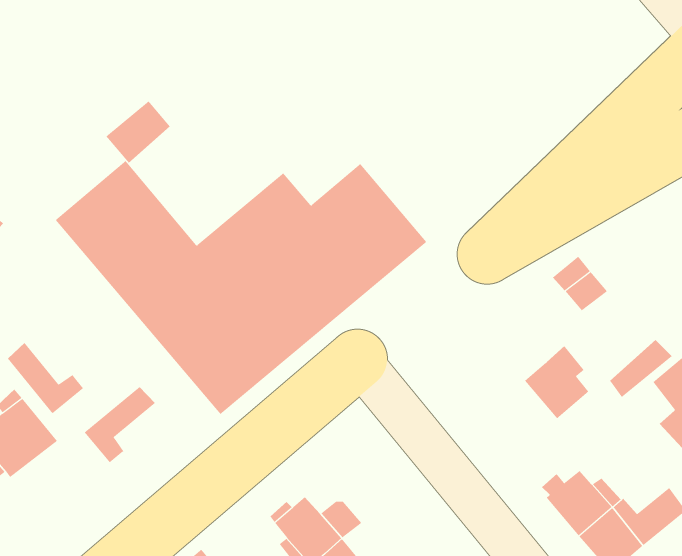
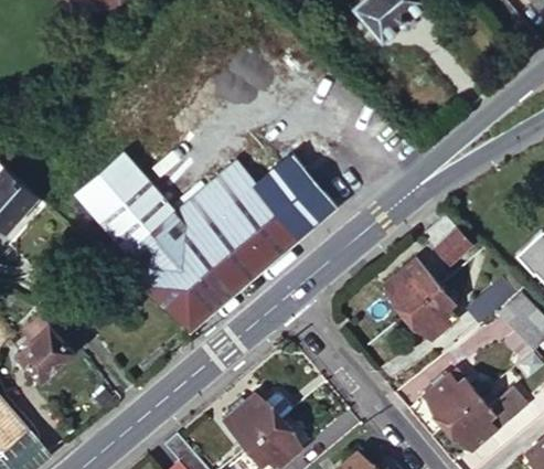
building: [106,100,171,164] -> none
building: none -> [382,254,438,311]
building: [7,342,84,414] -> none
building: [84,386,156,463] -> none

